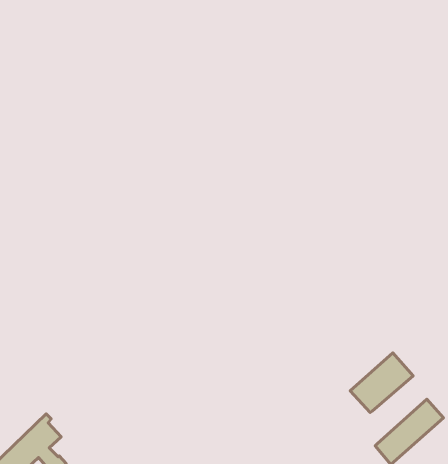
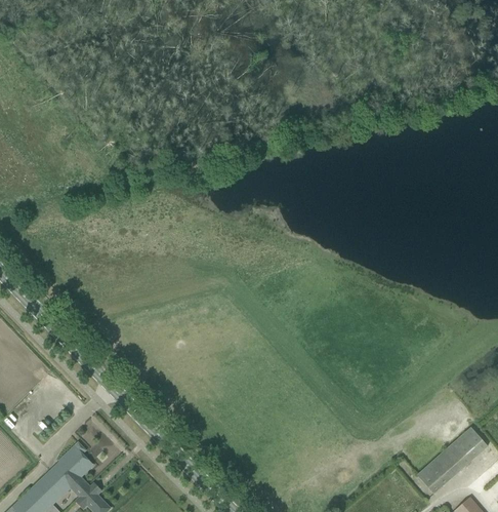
building: [350,353,413,413] -> none

